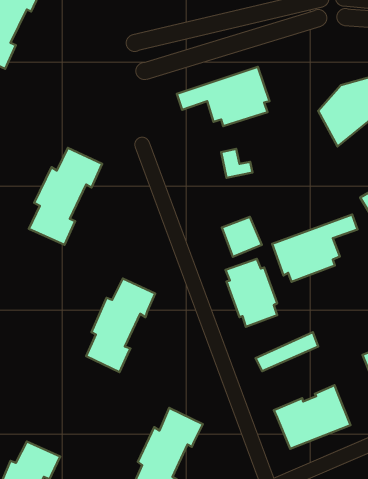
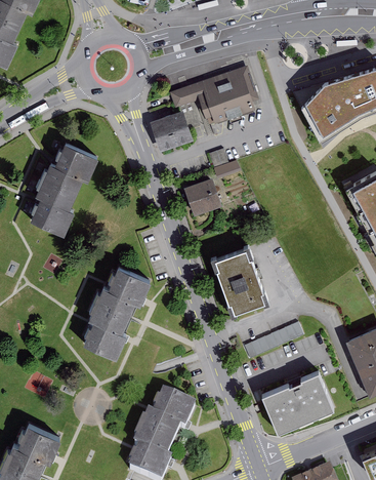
building: none -> [150,113,192,153]
building: [272,215,358,282] -> none
building: [222,217,262,257] -> [183,178,221,216]

